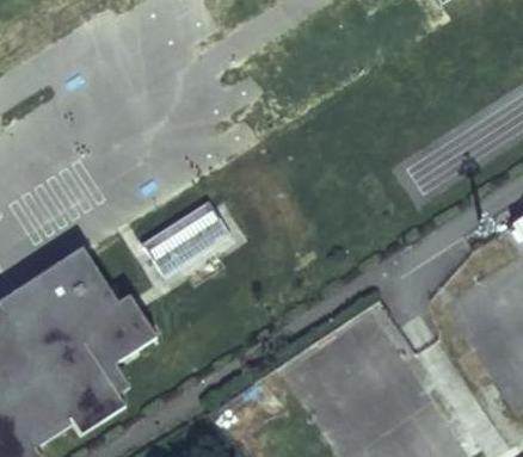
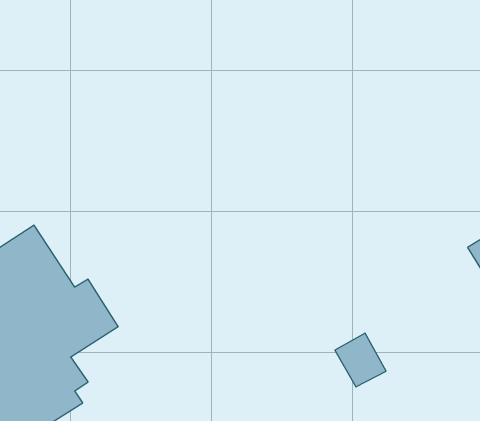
building: [135,200,239,279] -> none

